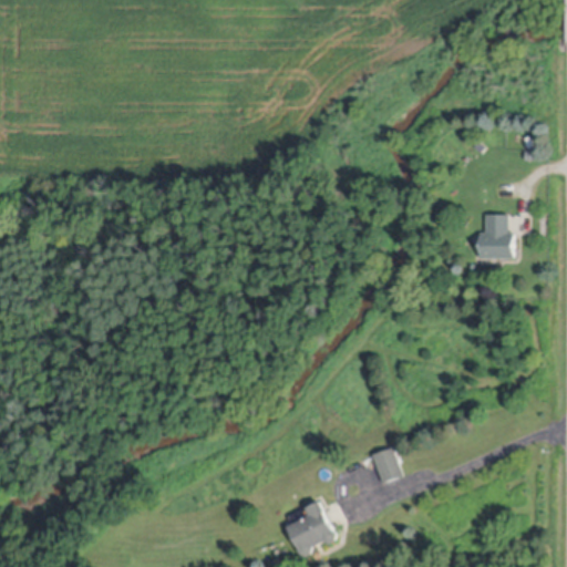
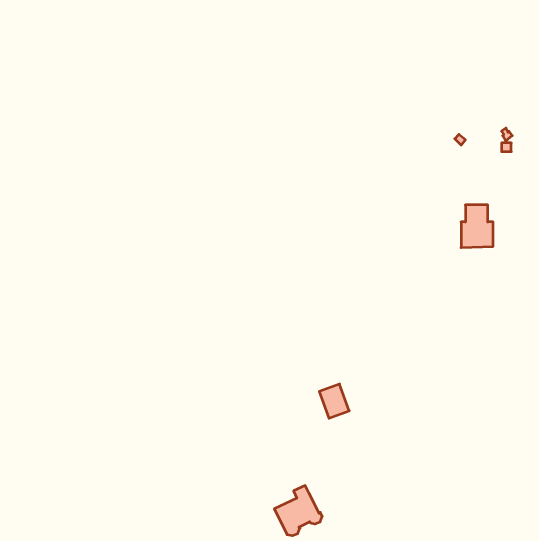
building: [370,446,401,482] -> [319,384,349,418]

